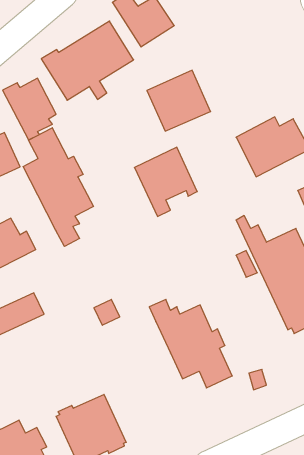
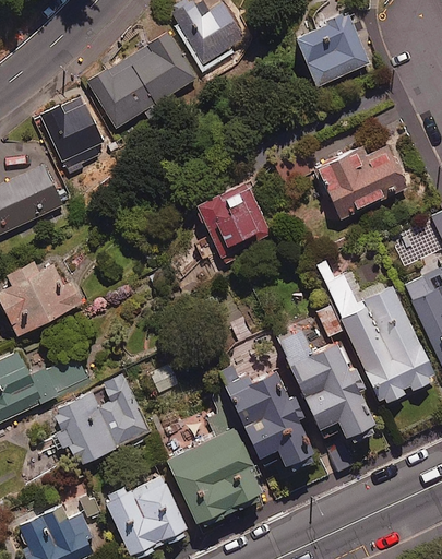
building: [147,70,211,131] -> [295,14,370,86]
building: [23,128,93,246] -> none
building: none -> [273,319,372,438]
building: none -> [48,374,151,464]
building: none -> [168,389,260,528]

